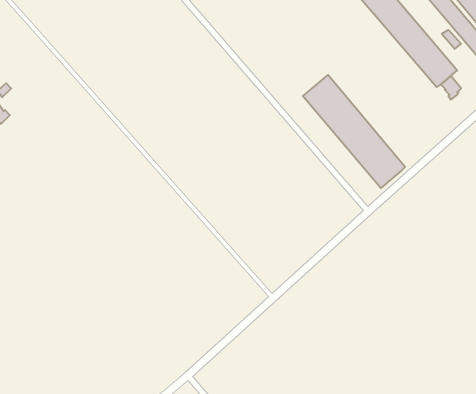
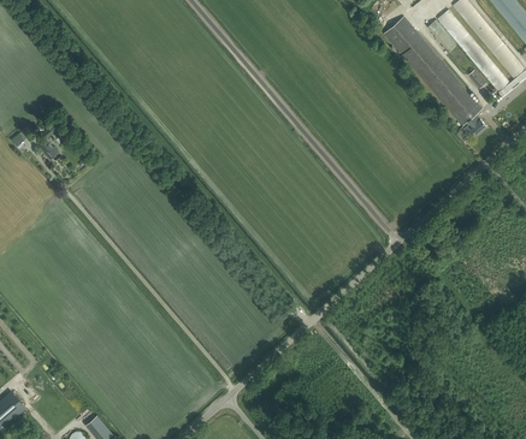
building: [303,75,405,188] -> none

